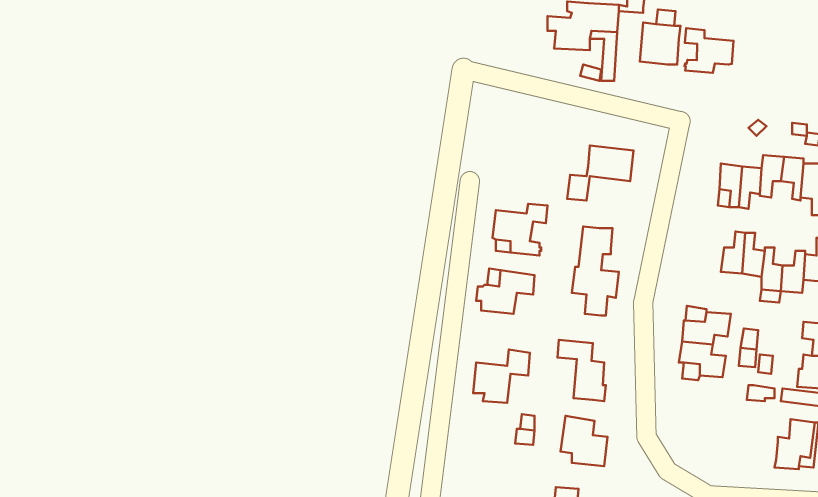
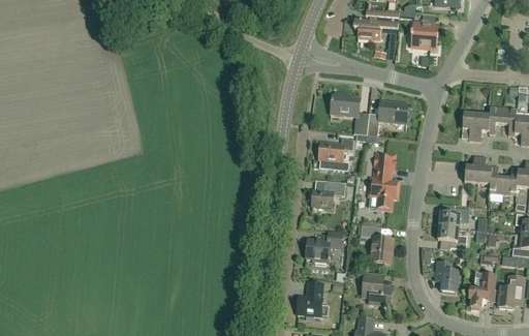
building: [684,28,734,73] -> none
building: none -> [330,93,368,134]
building: none -> [434,261,458,292]
building: none -> [469,272,497,309]
building: none -> [298,282,322,315]

